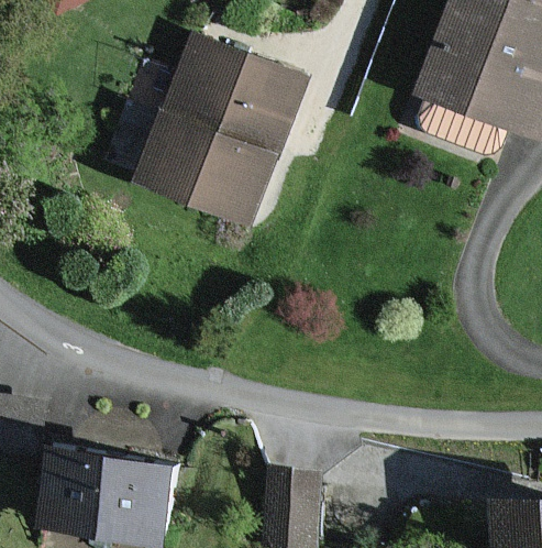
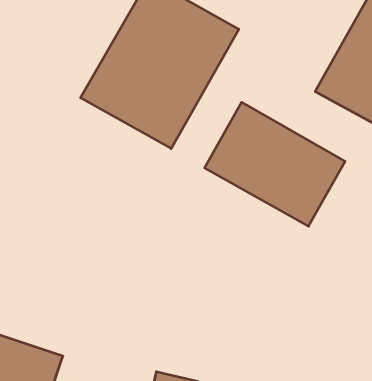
building: none -> [205,102,345,226]

